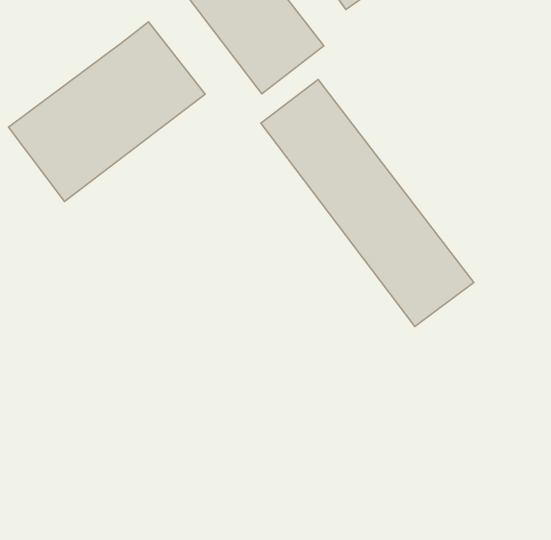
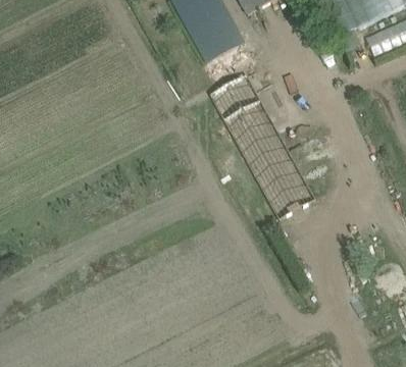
building: [9,22,205,201] -> none

